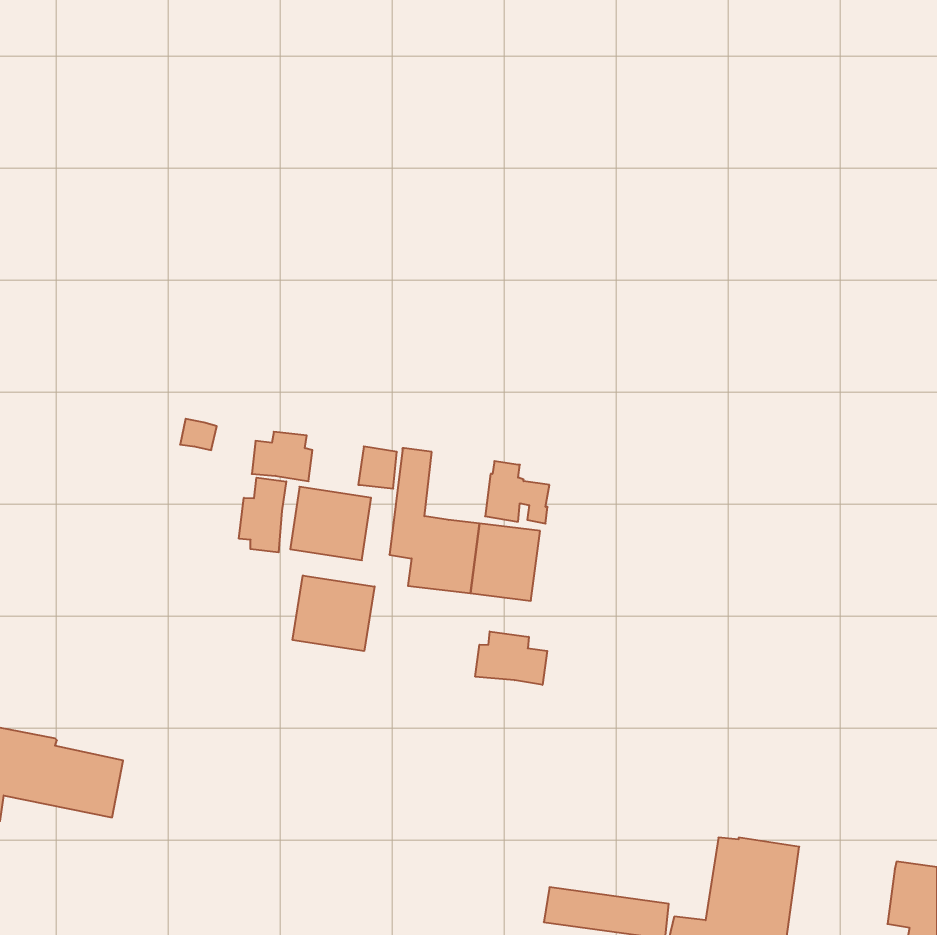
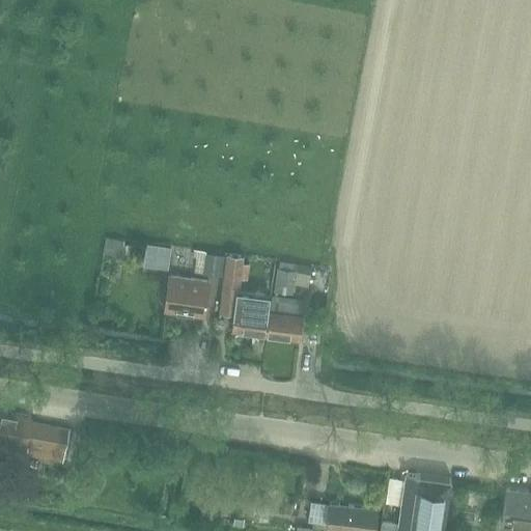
building: [239,478,286,552] -> none
building: [293,575,375,651] -> none
building: [475,631,547,685] -> none

